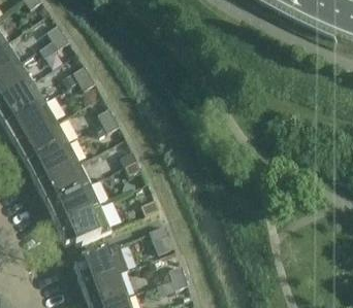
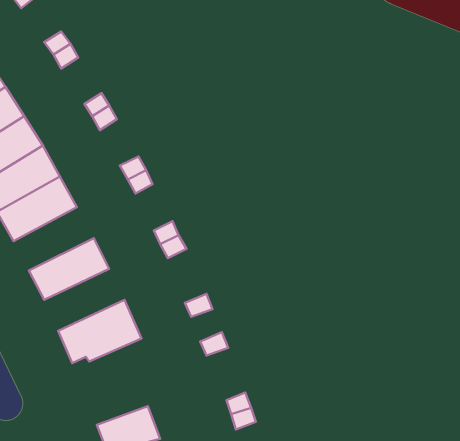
building: [26,141,79,183] -> none
building: [46,182,100,224] -> none
building: [73,244,127,286] -> none

